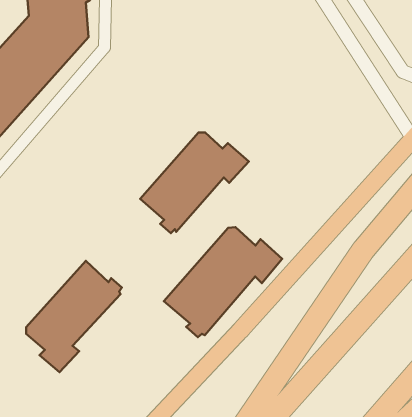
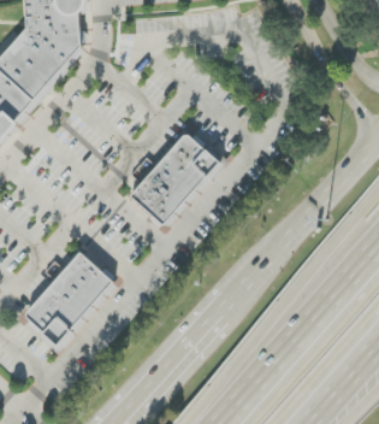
building: [164,227,282,337] -> none

